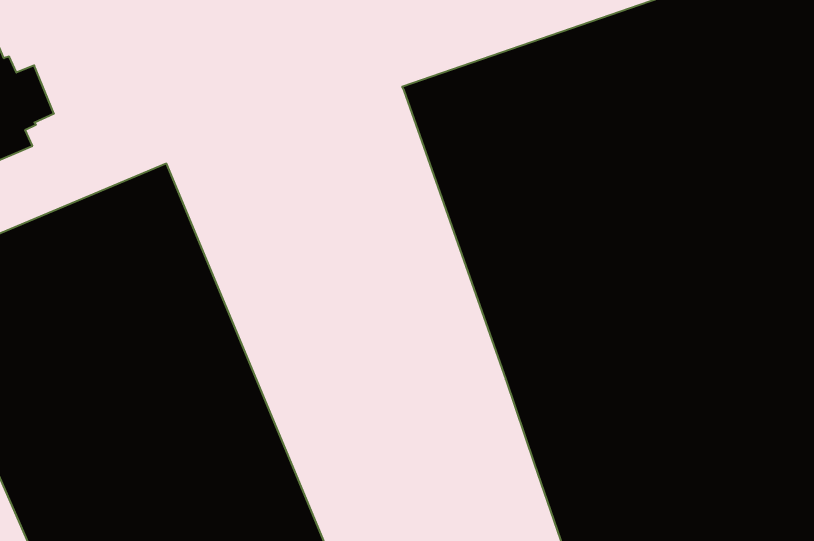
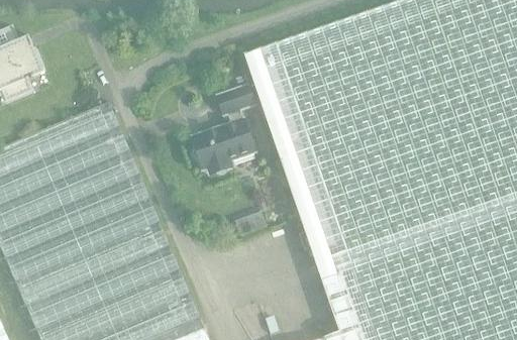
building: none -> [192,87,253,175]

